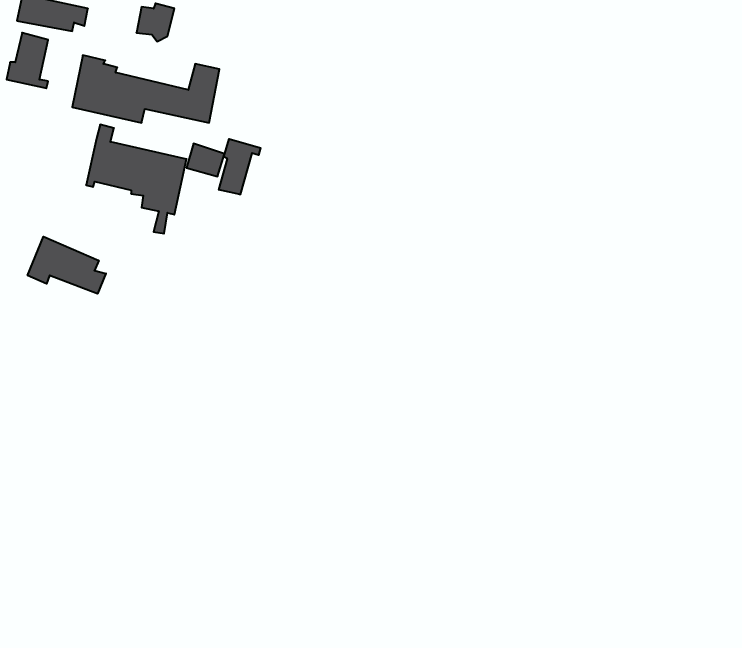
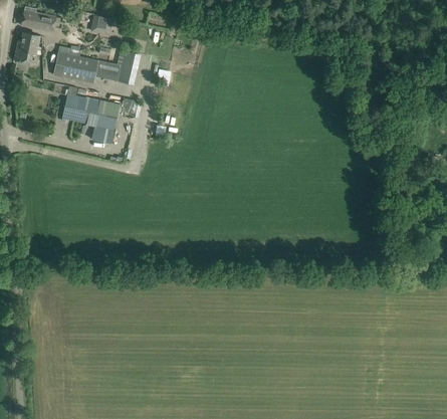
building: [219,139,261,195] -> none
building: [28,237,106,294] -> none

